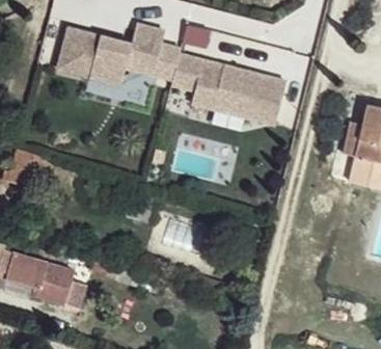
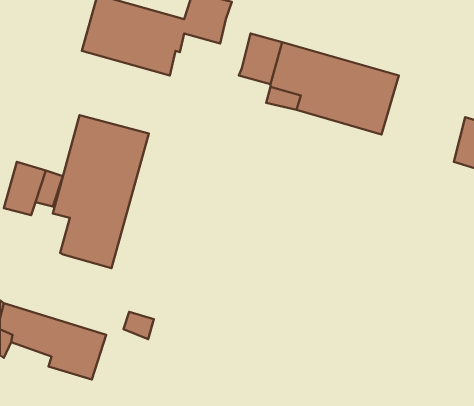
building: [134,46,187,81] -> none
building: none -> [53,115,149,268]

